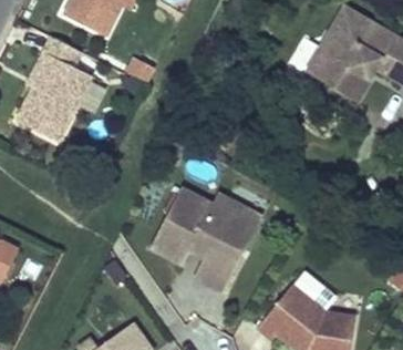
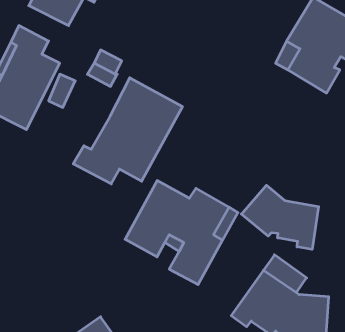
building: none -> [73,78,182,184]
building: none -> [241,185,319,249]

